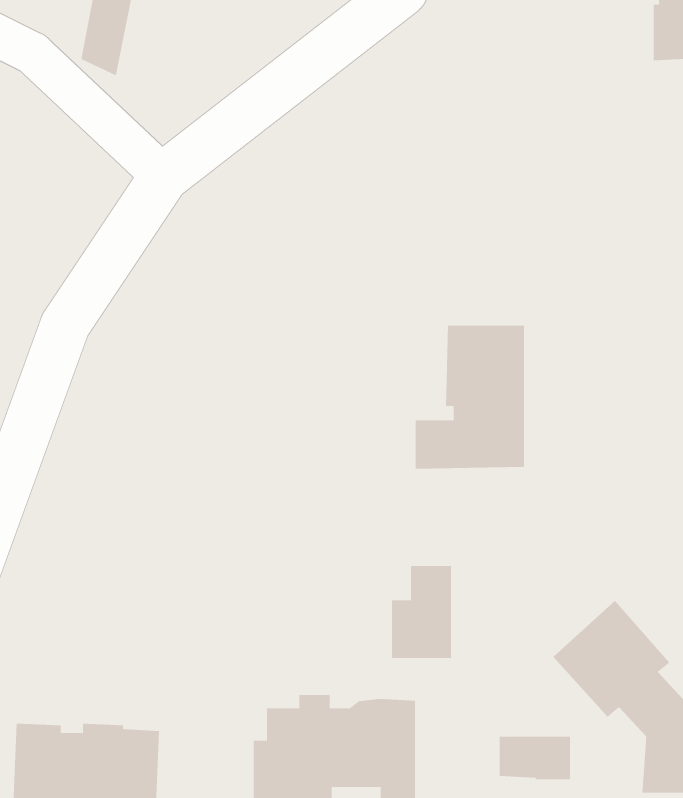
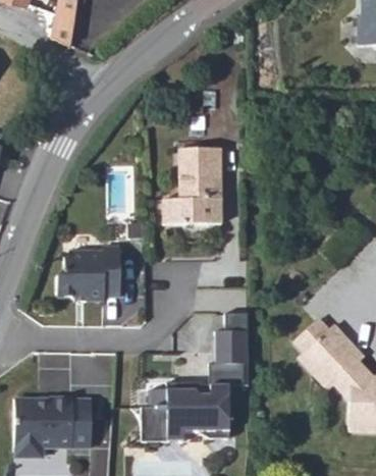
building: [415,325,525,469] -> [164,143,223,220]
building: none -> [56,245,119,299]
building: [499,736,571,780] -> [210,359,249,382]

